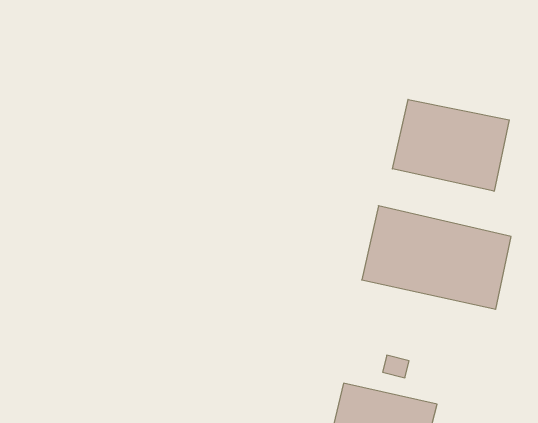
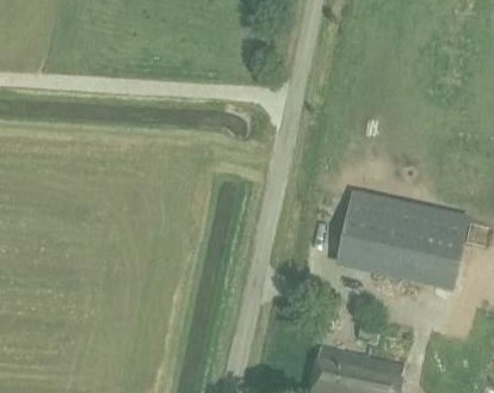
building: [392,99,509,191] -> none

